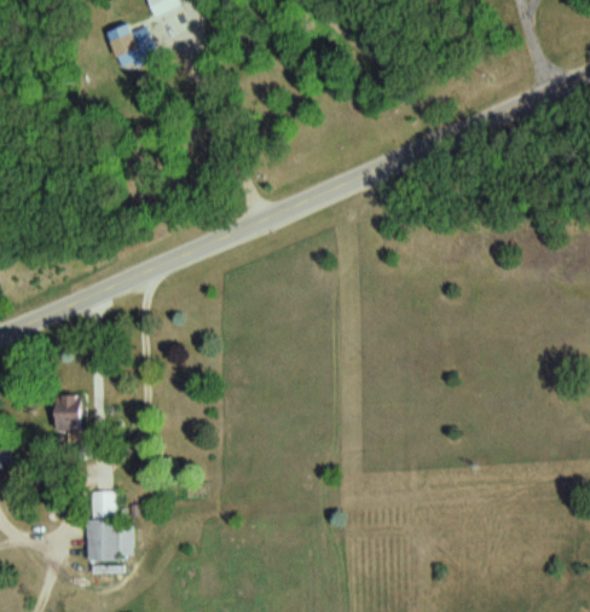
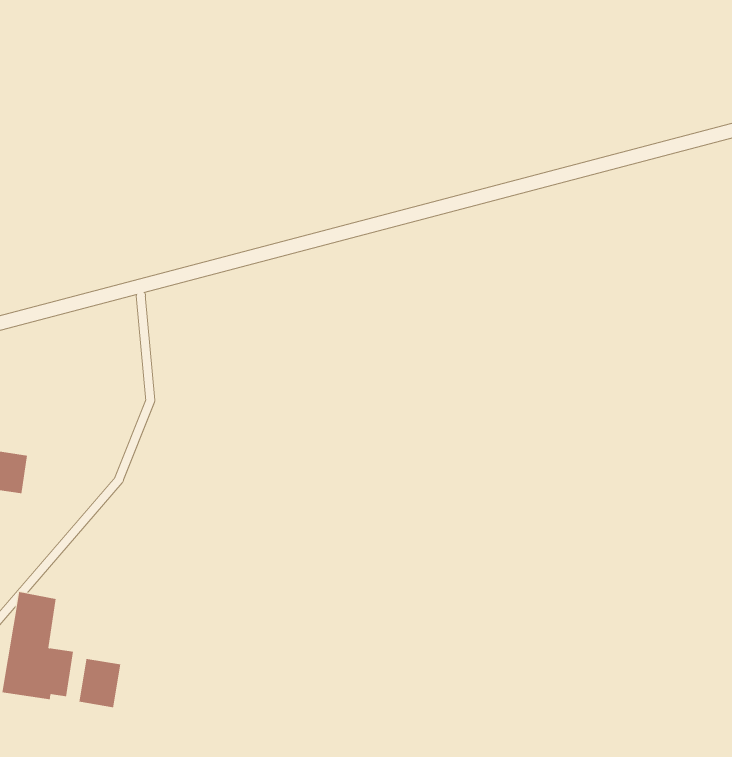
building: none -> [79,658,121,708]

